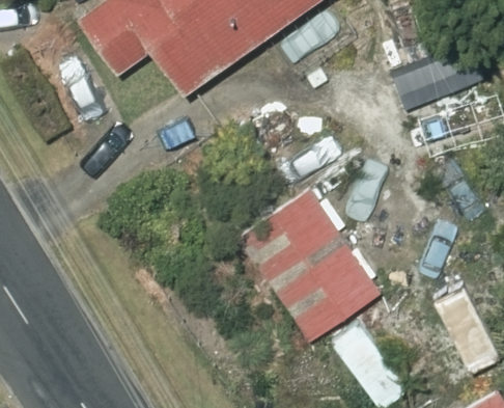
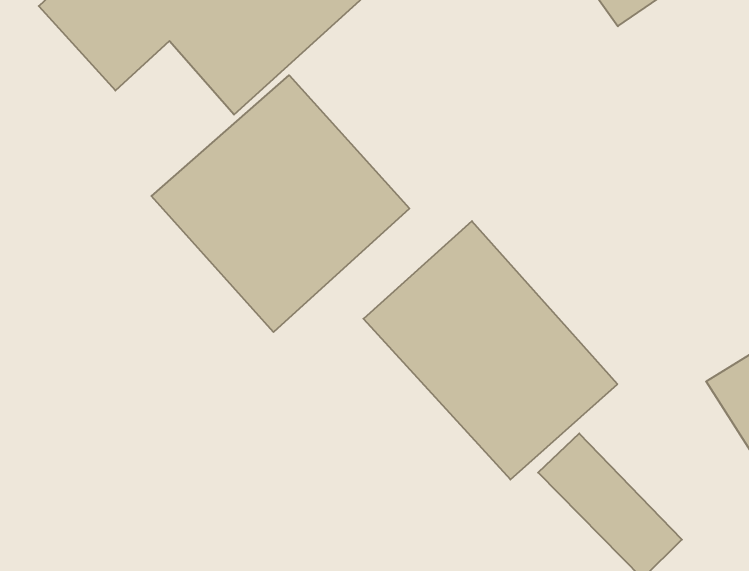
building: none -> [151,75,409,332]

